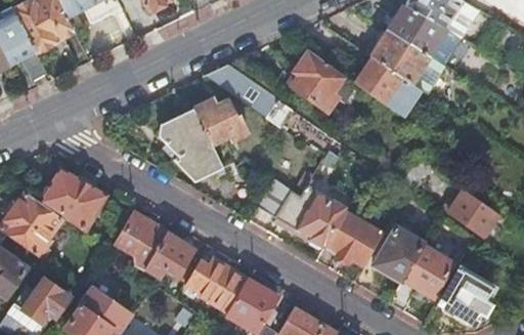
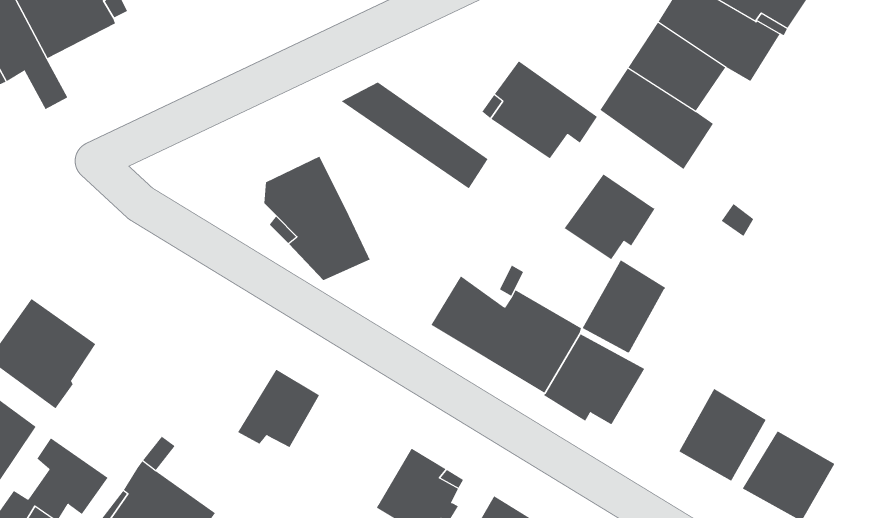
building: [193,99,248,143] -> none
building: none -> [564,174,656,260]
building: [42,168,105,226] -> none
building: [448,190,499,237] -> none
building: [117,212,168,269] -> none
building: [375,226,424,281] -> [582,260,666,353]
building: [184,259,247,311] -> none

